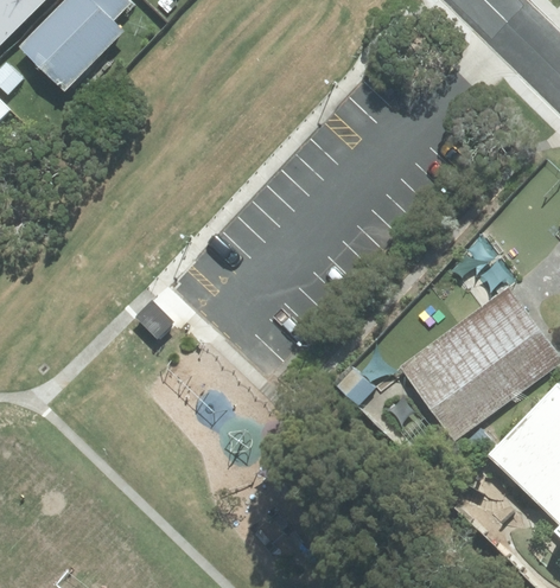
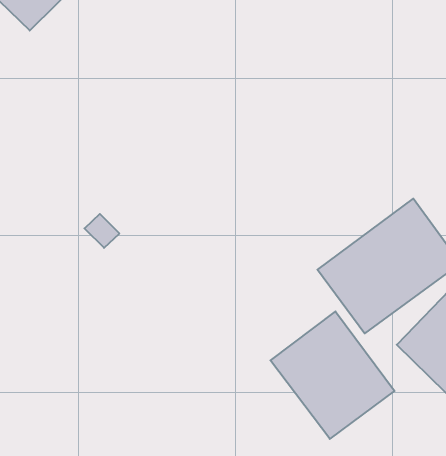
building: none -> [270,311,395,439]

